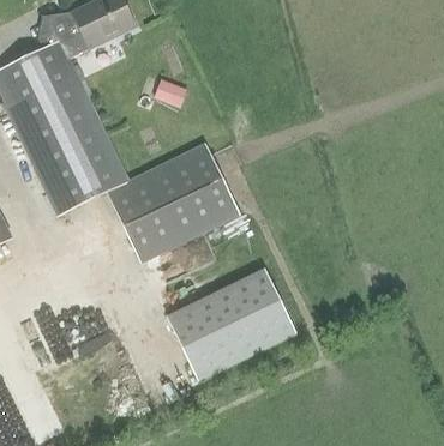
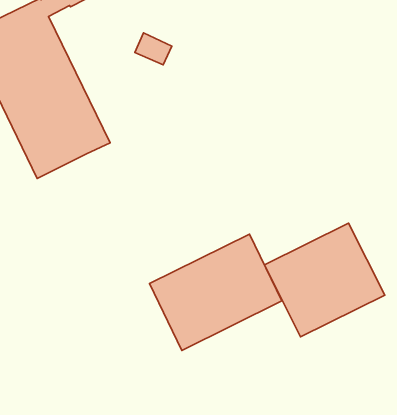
building: [106,141,240,260] -> none
building: none -> [264,223,385,337]

